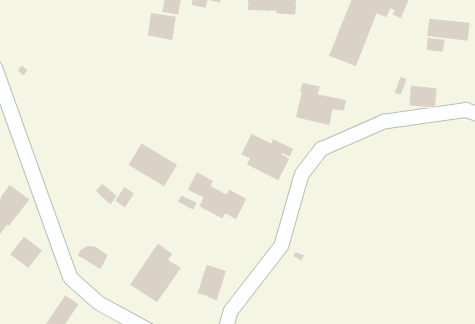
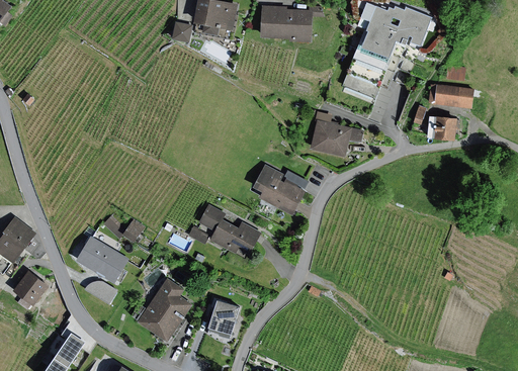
building: [147,12,177,41] -> none
building: [427,19,471,41] -> [428,85,473,108]
building: [127,142,178,187] -> [76,237,128,283]

